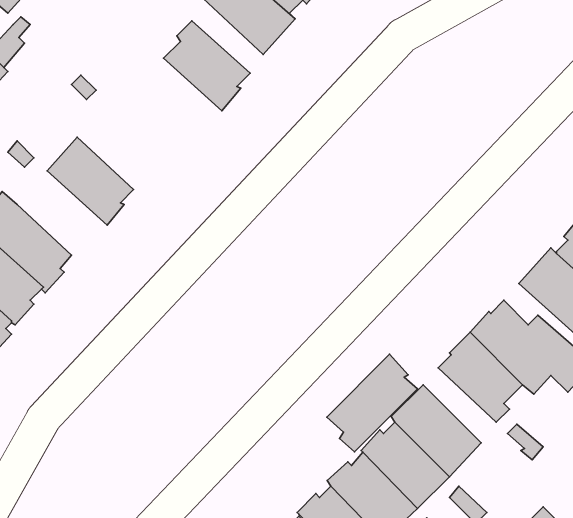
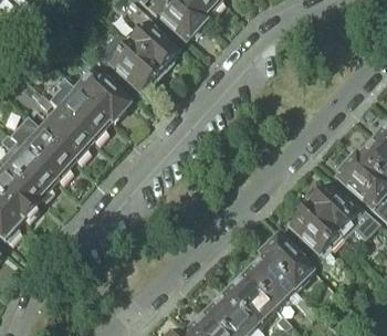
building: none -> [103,36,161,91]
building: none -> [76,66,132,120]
building: none -> [41,107,94,159]
building: [327,354,417,452] -> none

